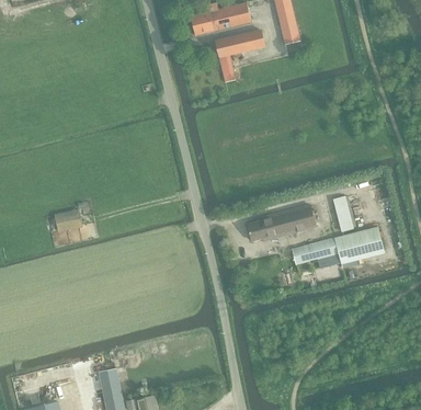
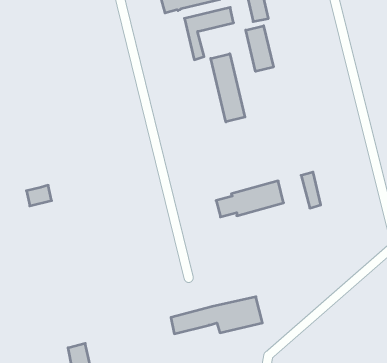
building: none -> [246,26,273,71]
building: none -> [211,54,245,122]
building: [292,227,384,264] -> [171,297,262,334]

